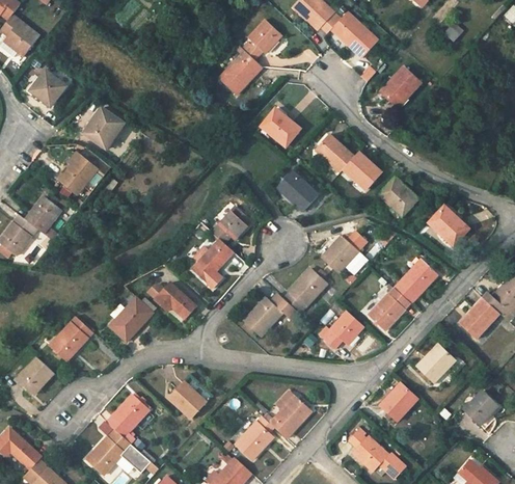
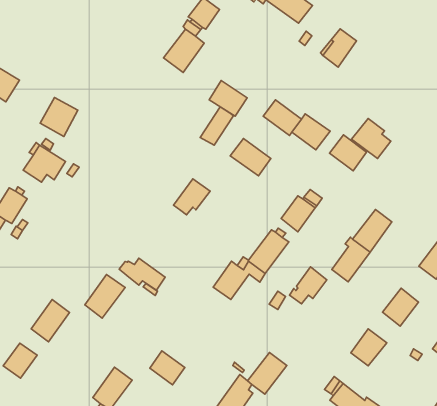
building: none -> [200,107,233,145]
building: [428,203,468,245] -> [351,118,391,159]
building: [192,238,234,281] -> none

